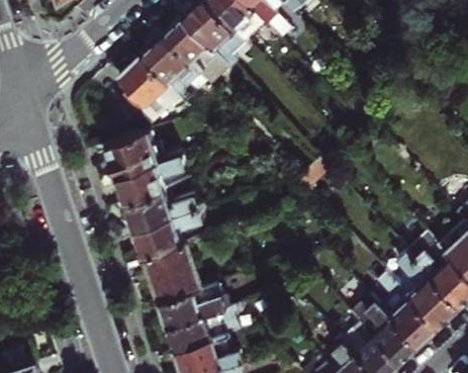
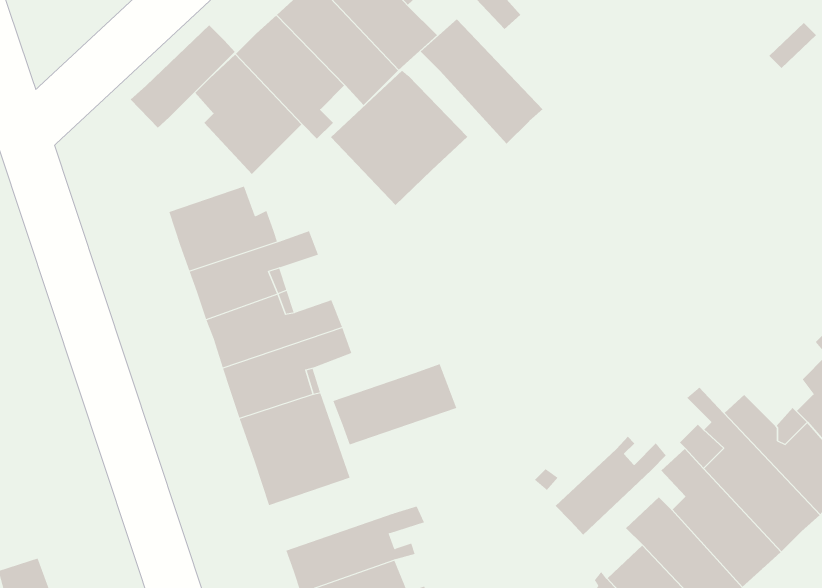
building: none -> [420,18,543,144]
building: none -> [130,25,235,129]
building: none -> [330,70,468,206]
building: none -> [555,436,666,536]
building: [156,286,223,331] -> [333,363,457,445]

